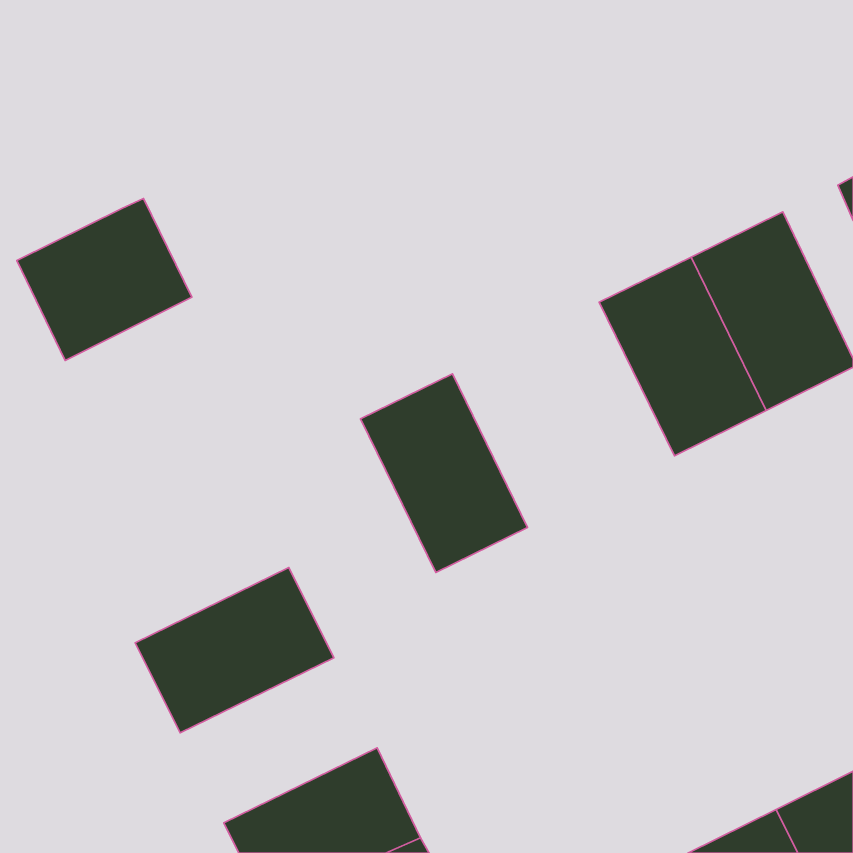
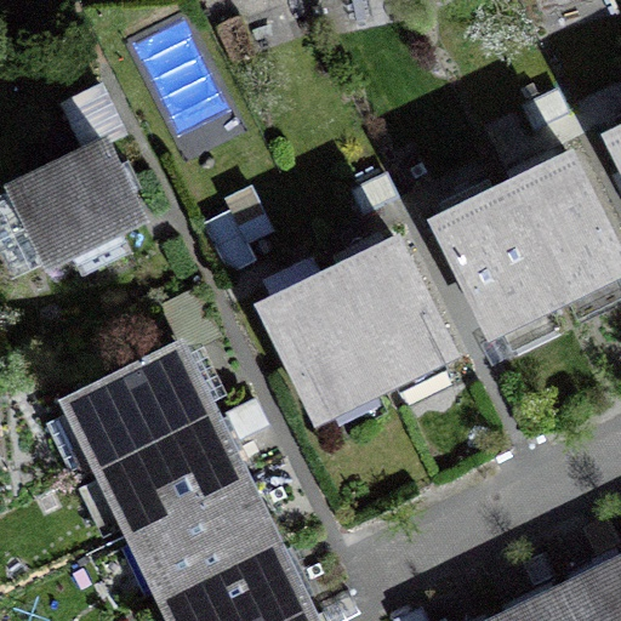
building: none -> [329,239,450,383]
building: none -> [47,346,210,471]
building: none -> [131,478,274,598]

